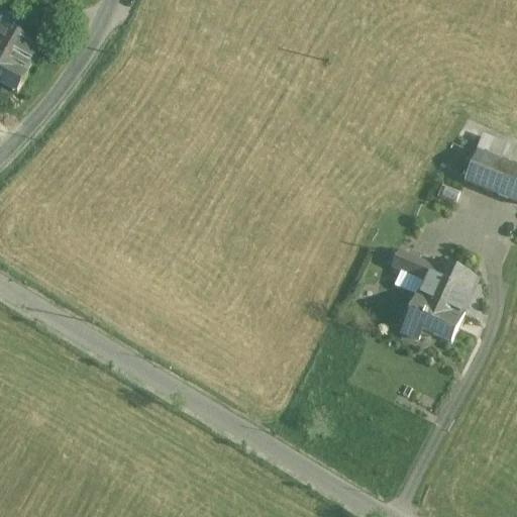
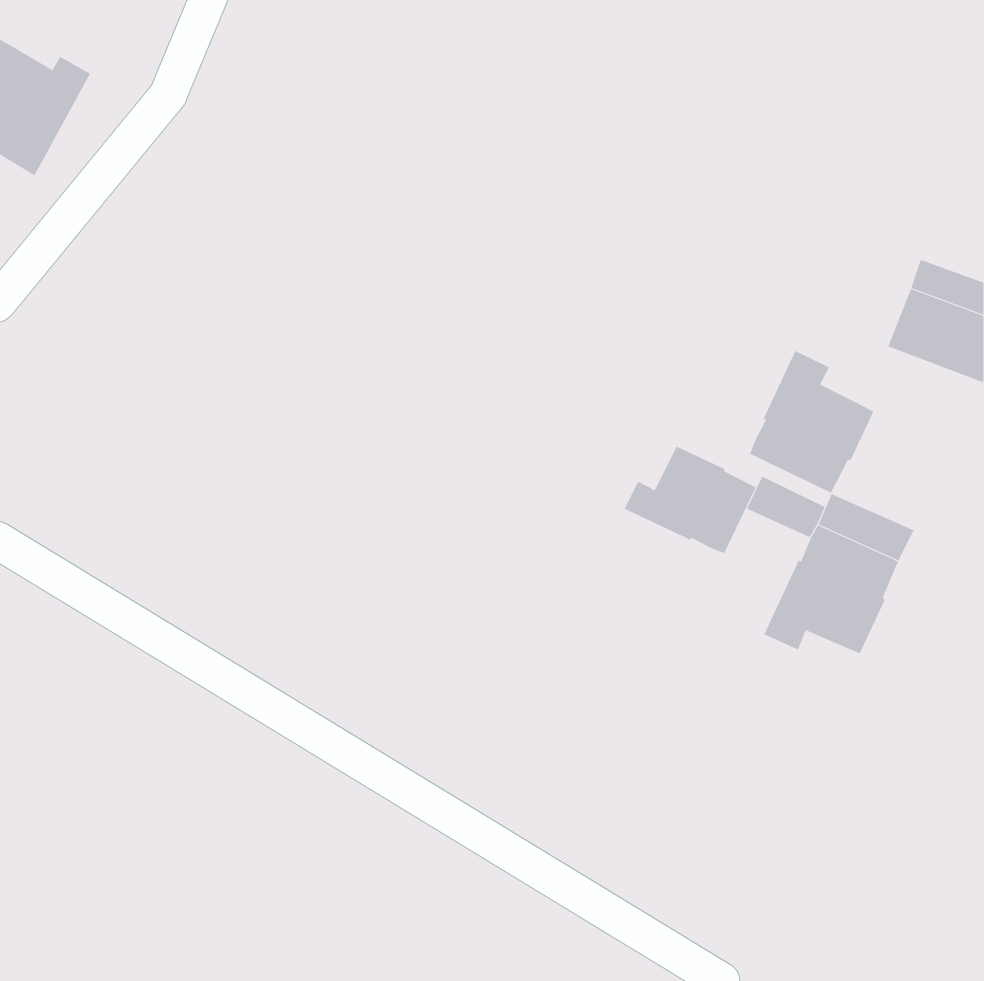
building: none -> [750,350,874,493]
building: none -> [624,446,756,554]

